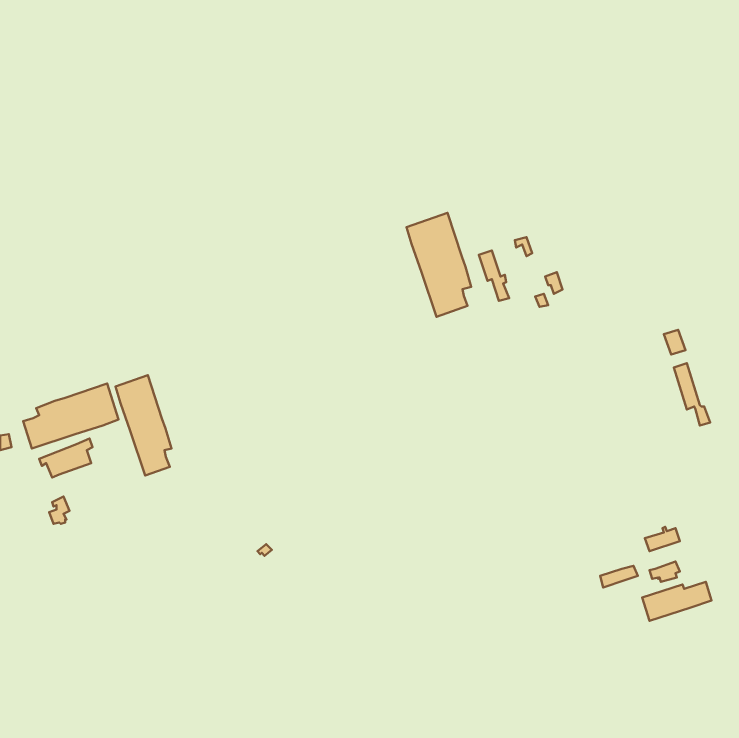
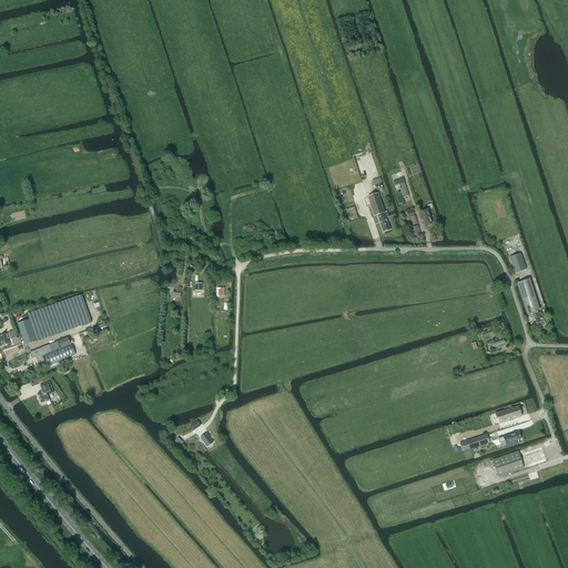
building: [406,213,471,317] -> none
building: [115,375,171,476] -> none

